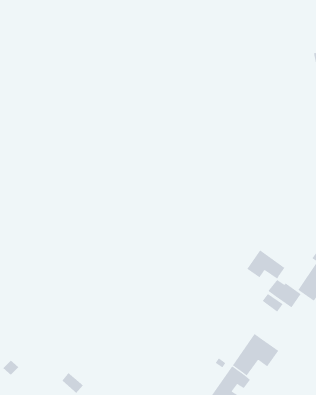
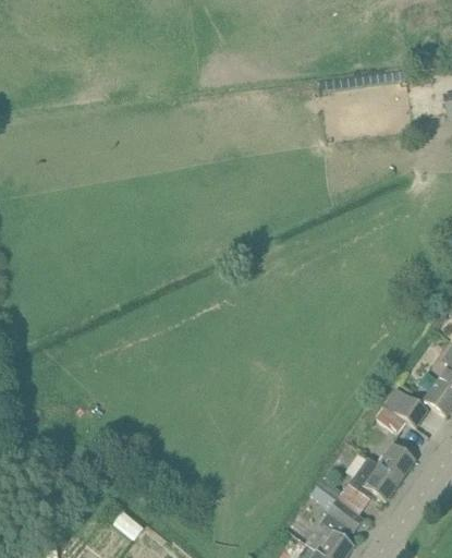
building: [247,250,285,279] -> none
building: none -> [378,442,415,480]

